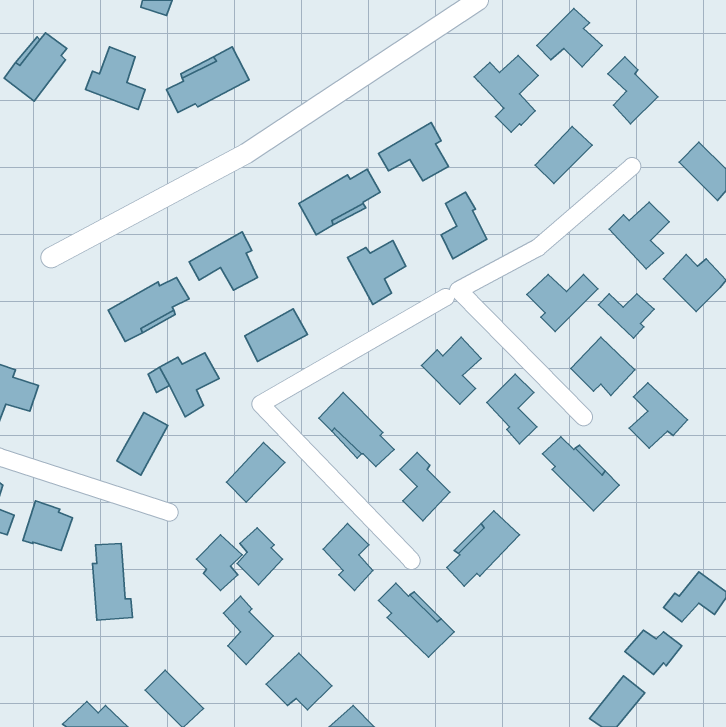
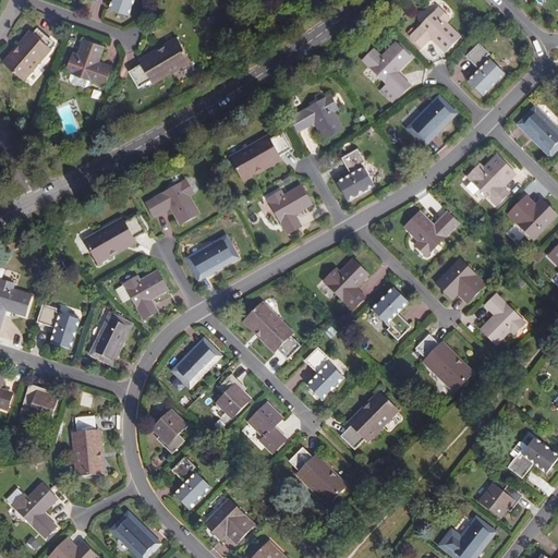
building: [599,294,654,338] -> none
building: none -> [36,304,76,348]
building: [237,528,283,585] -> [215,375,250,418]
building: none -> [11,485,57,539]

